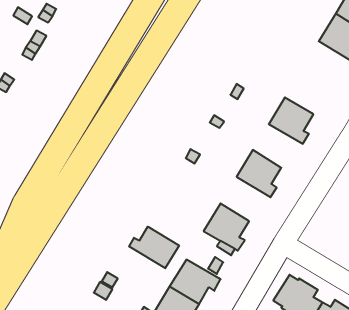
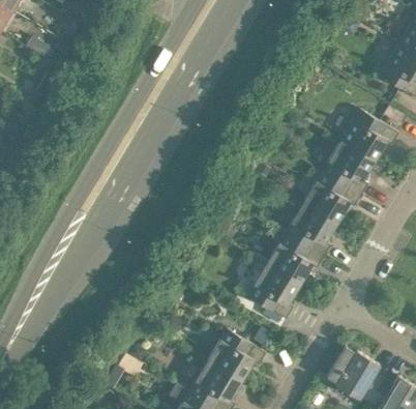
building: none -> [339,110,397,162]
building: none -> [302,173,360,224]
building: none -> [265,234,323,286]
building: [129,227,179,268] -> none

